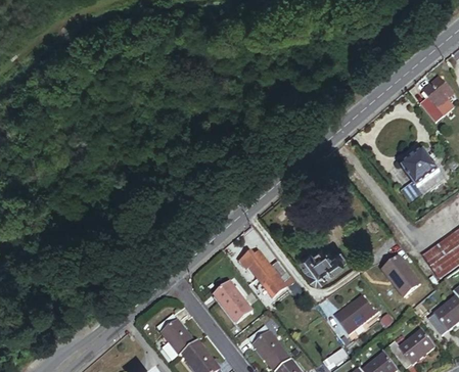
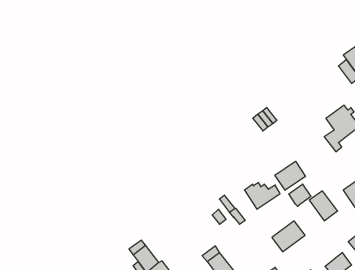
building: none -> [275,161,305,190]
building: none -> [289,184,311,206]
building: [245,254,270,286] -> none
building: [216,282,253,321] -> none

